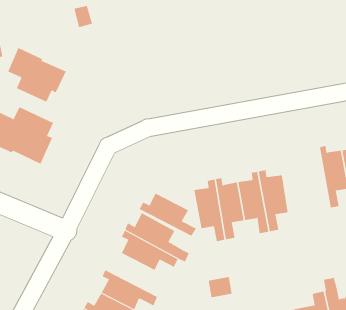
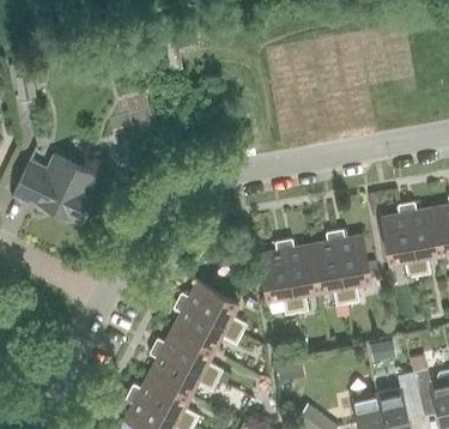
building: [7,47,66,102] -> none
building: none -> [381,203,419,277]
building: [139,193,197,237] -> [154,327,223,379]

